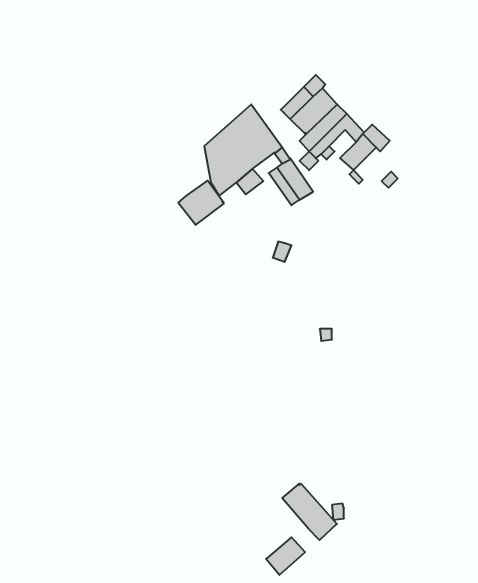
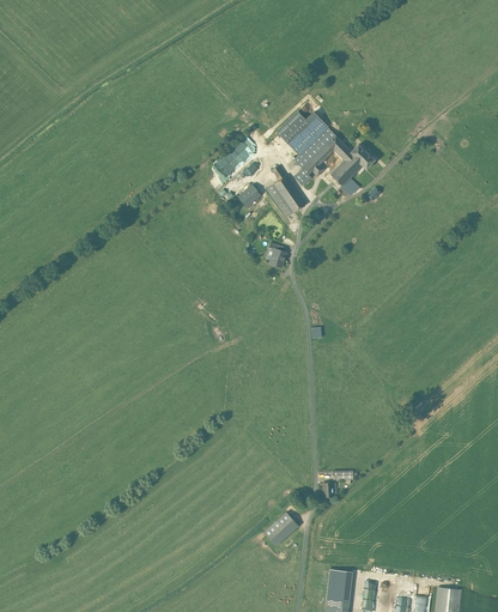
building: [178,181,224,225] -> none
building: [282,484,337,540] -> none

